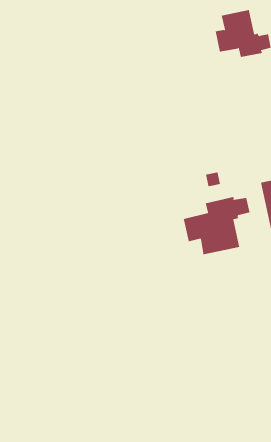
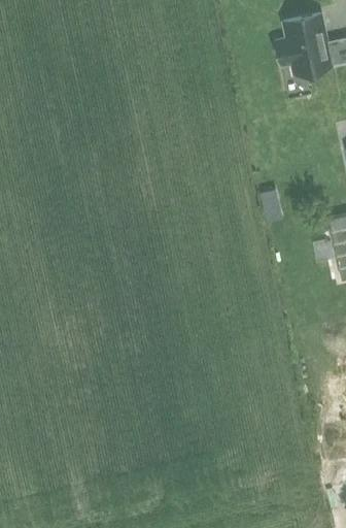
building: [183,196,250,255] -> none

